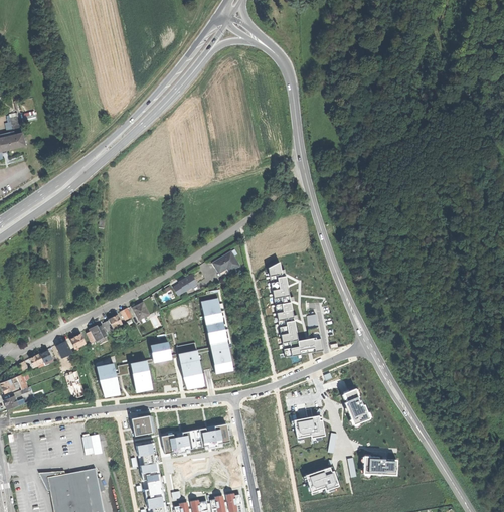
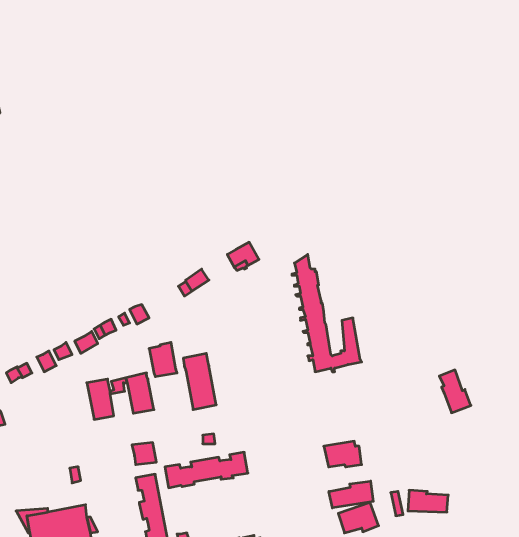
building: [200,298,232,375] -> none
building: [341,388,367,423] -> [439,370,471,413]
building: none -> [329,481,373,508]

